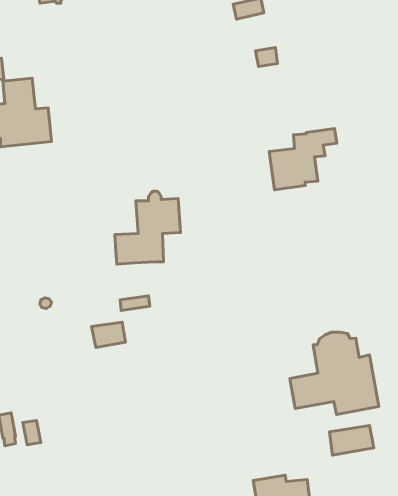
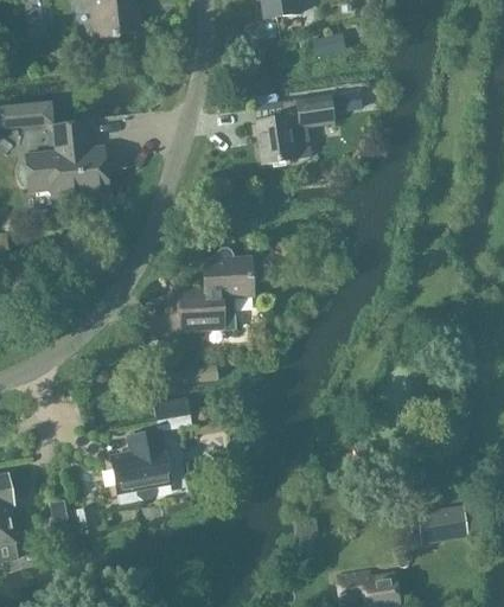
building: [269,128,337,190] -> [255,95,331,164]
building: [290,332,379,415] -> none
building: none -> [110,430,171,499]

